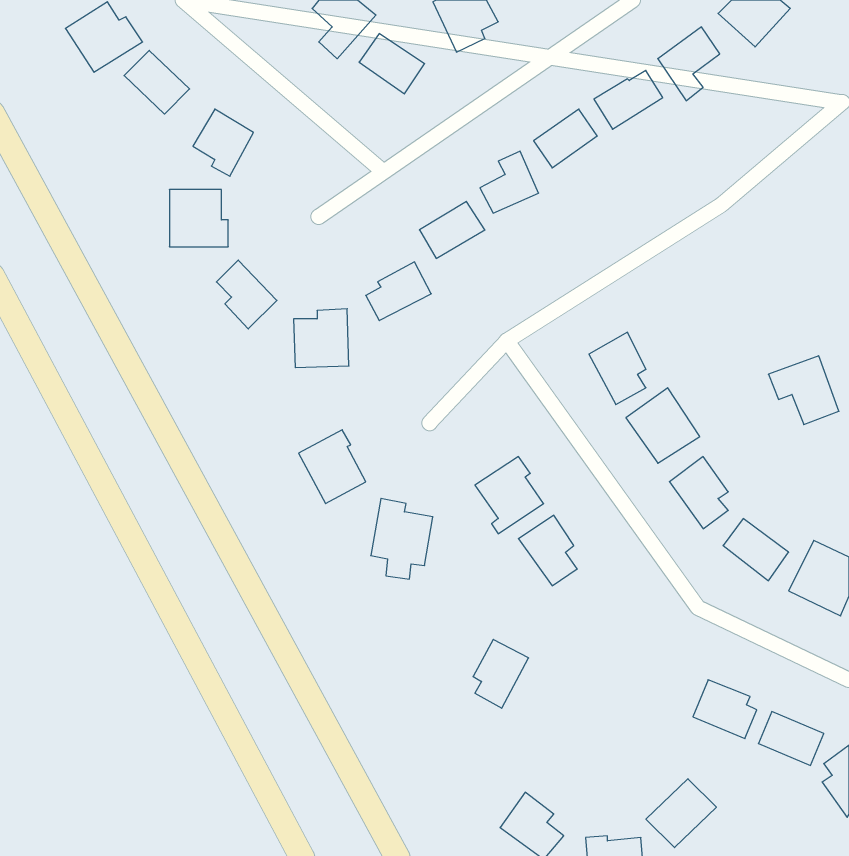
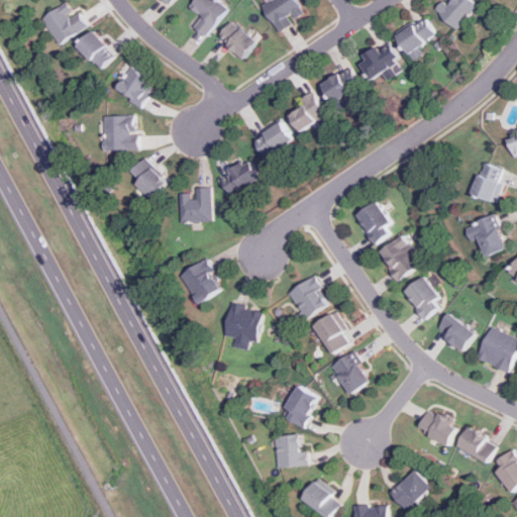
building: none -> [471,162,501,203]
building: none -> [331,352,368,394]
building: none -> [275,435,306,467]

